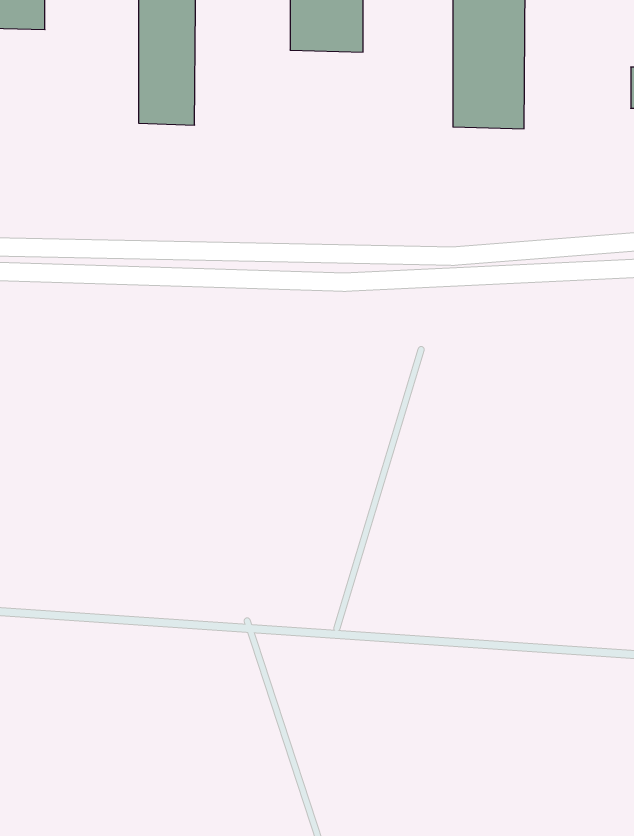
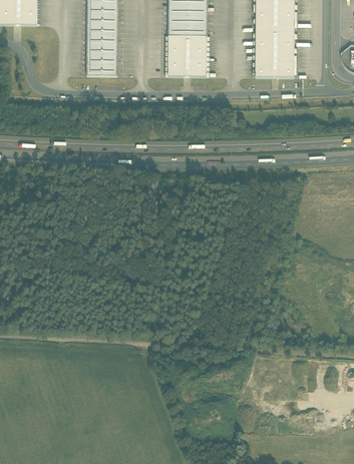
building: none -> [166,34,207,75]

